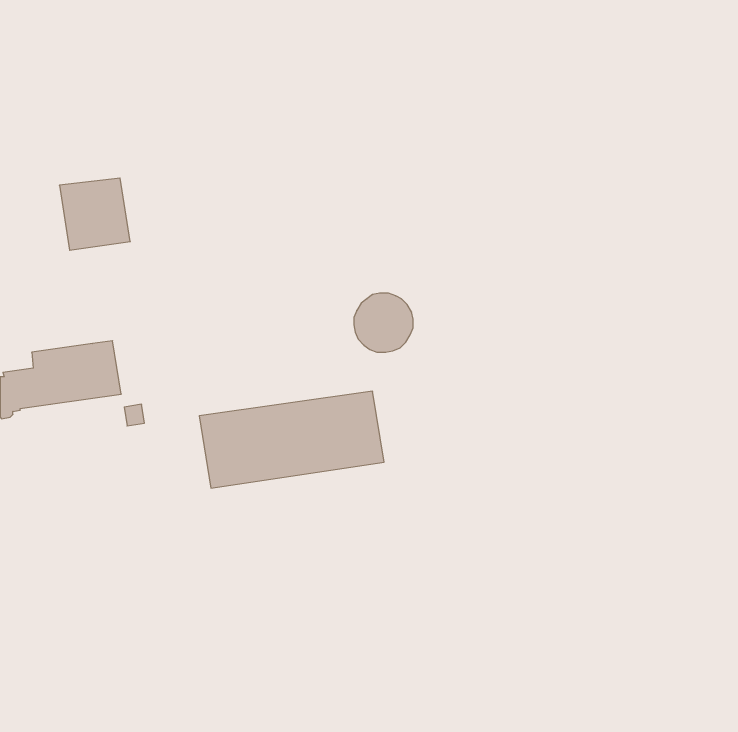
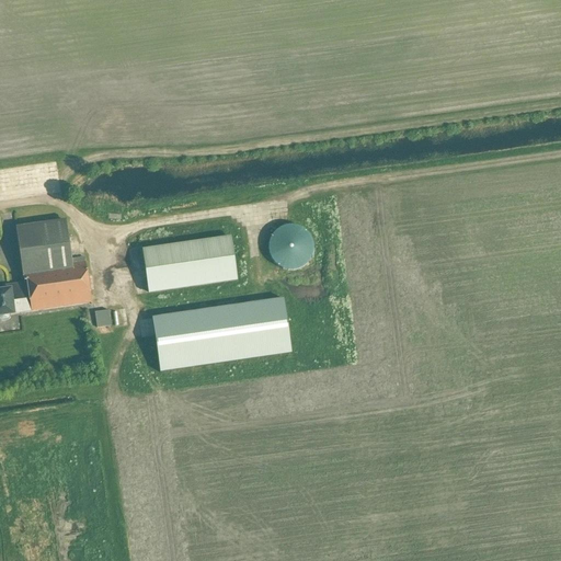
building: [59,178,130,250] -> [16,213,70,267]
building: none -> [141,234,237,291]

